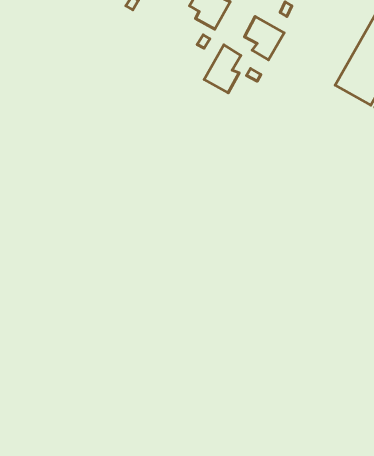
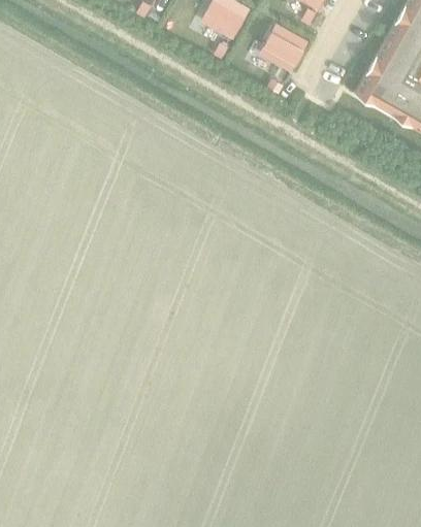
building: [204,45,241,93] -> none

